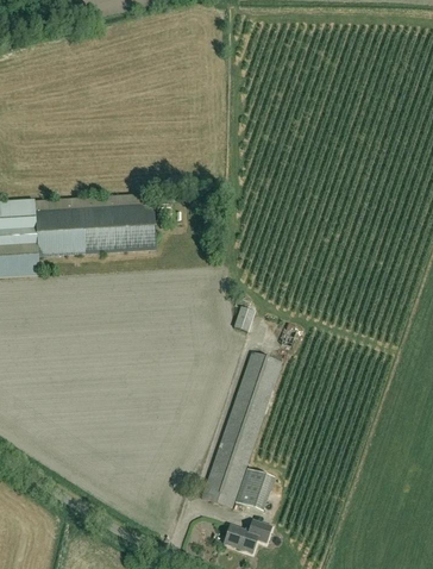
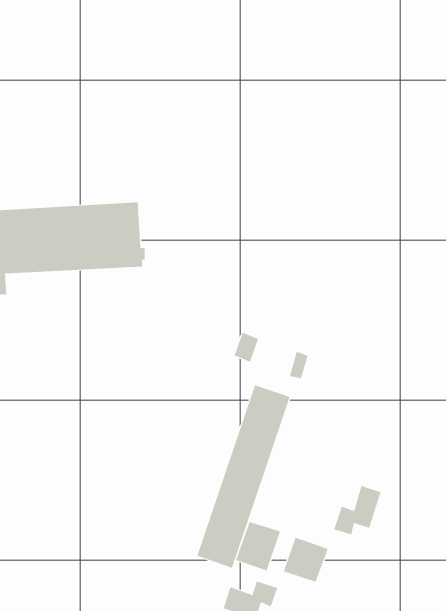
building: none -> [333,485,381,535]
building: none -> [283,537,329,582]

